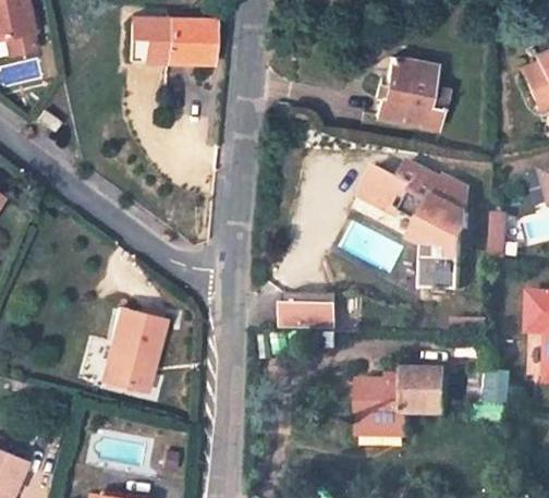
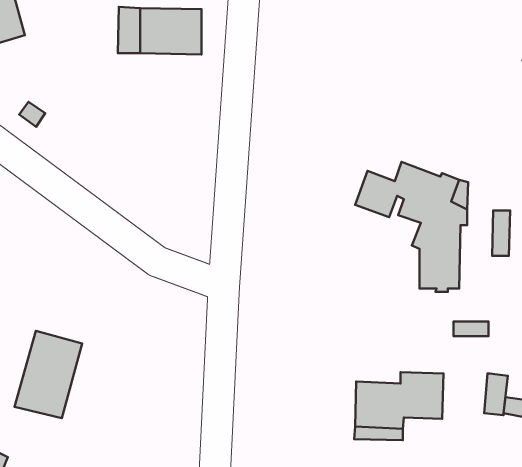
building: [375,58,443,126] -> none
building: [284,294,335,330] -> none
building: [103,300,169,384] -> [14,331,82,418]

